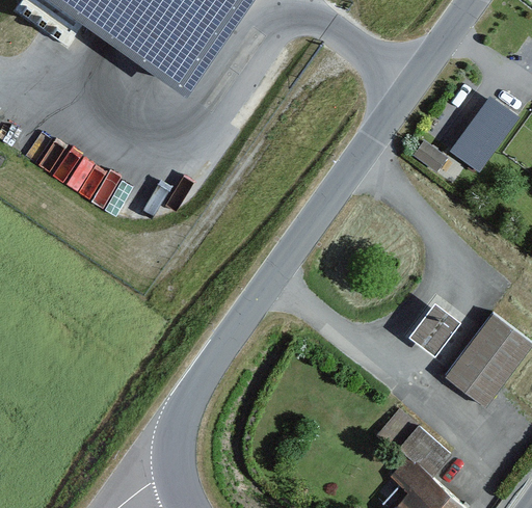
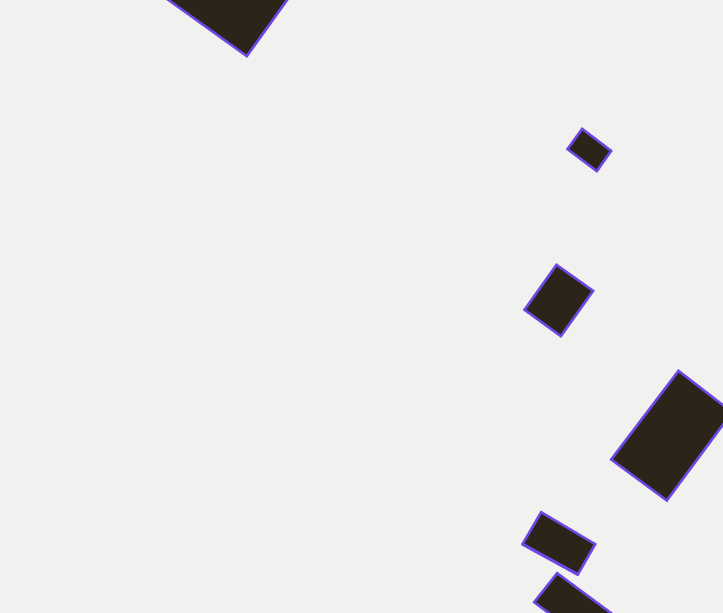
building: [445,96,516,175] -> none
building: [411,301,460,352] -> [525,265,593,336]

